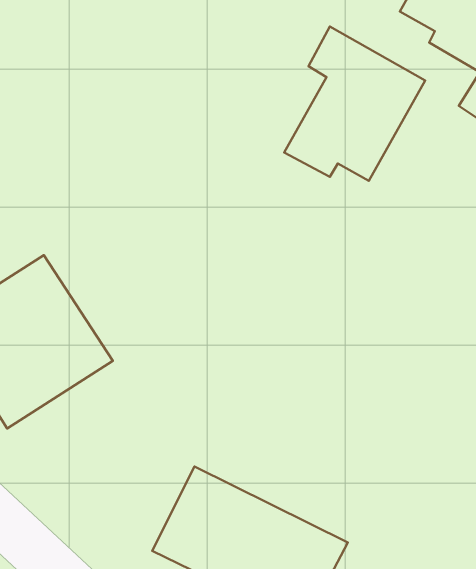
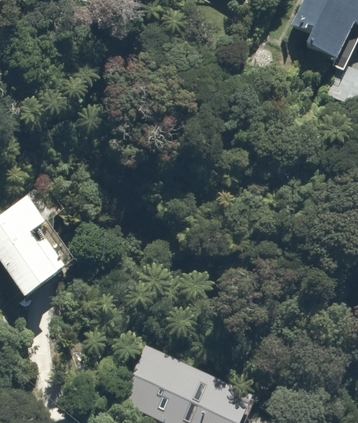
building: [284,27,425,181] -> none

